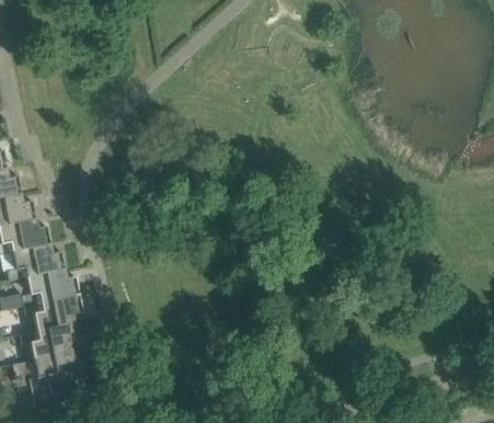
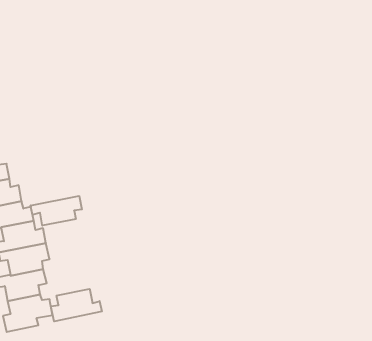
building: none -> [31,196,82,226]
building: none -> [51,289,102,321]

